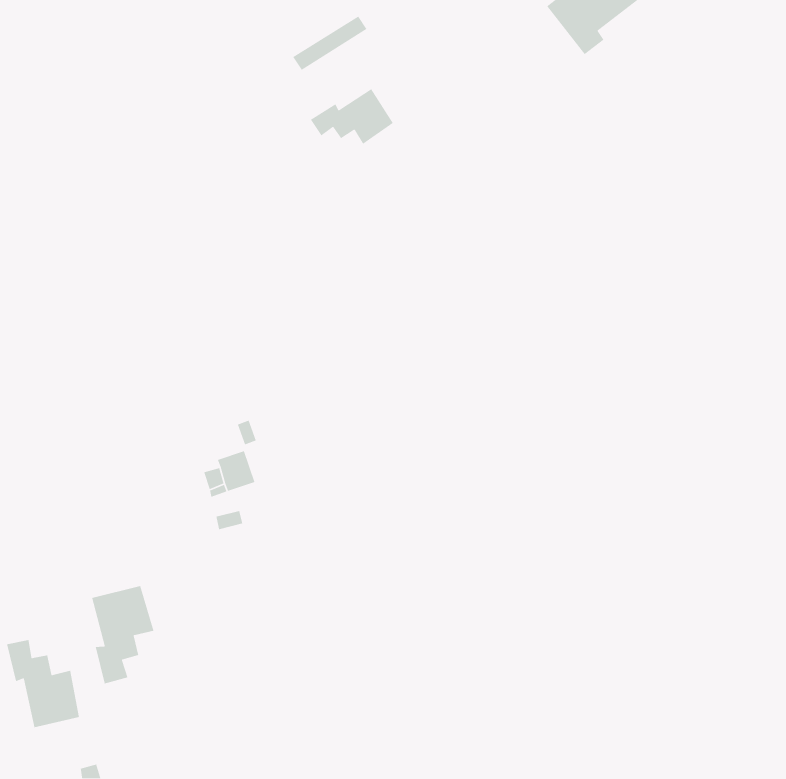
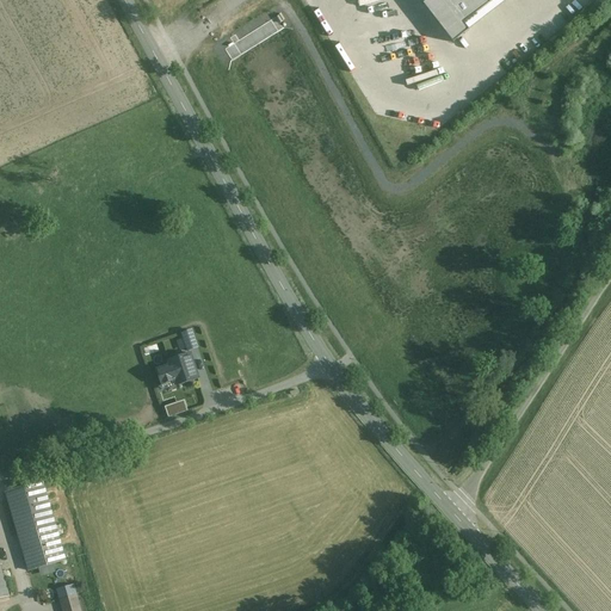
building: [310,88,394,145] -> none
building: [91,585,154,685] -> none

